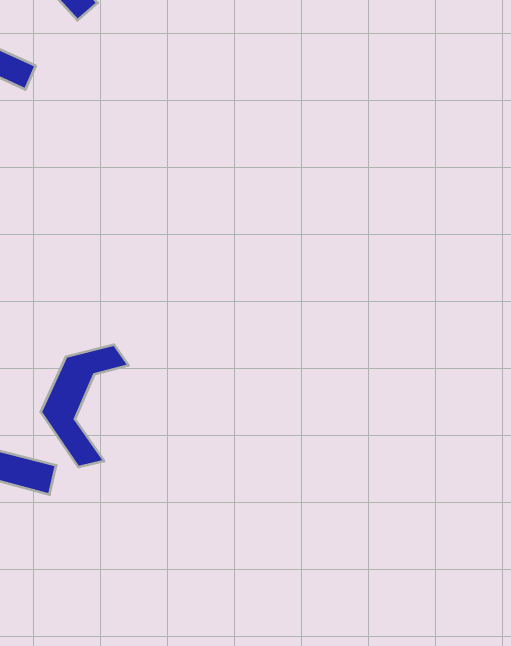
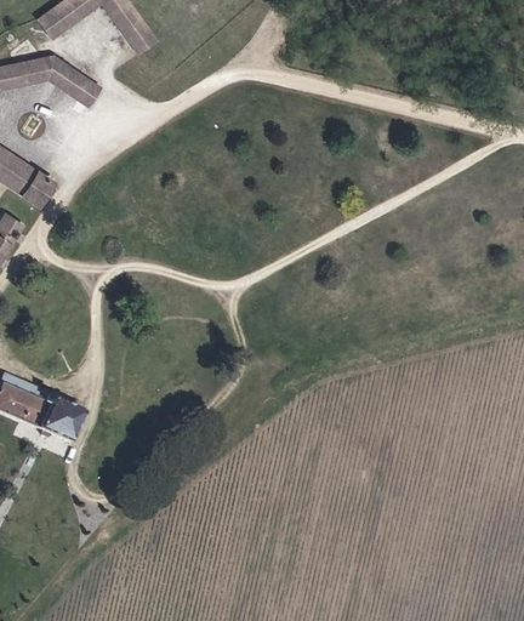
building: [41,345,128,467] -> none

